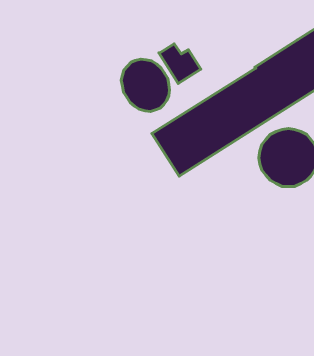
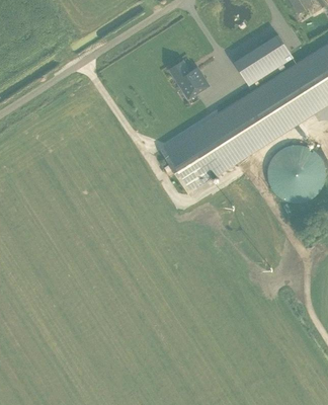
building: none -> [235,35,293,85]
building: [121,59,169,111] -> none

